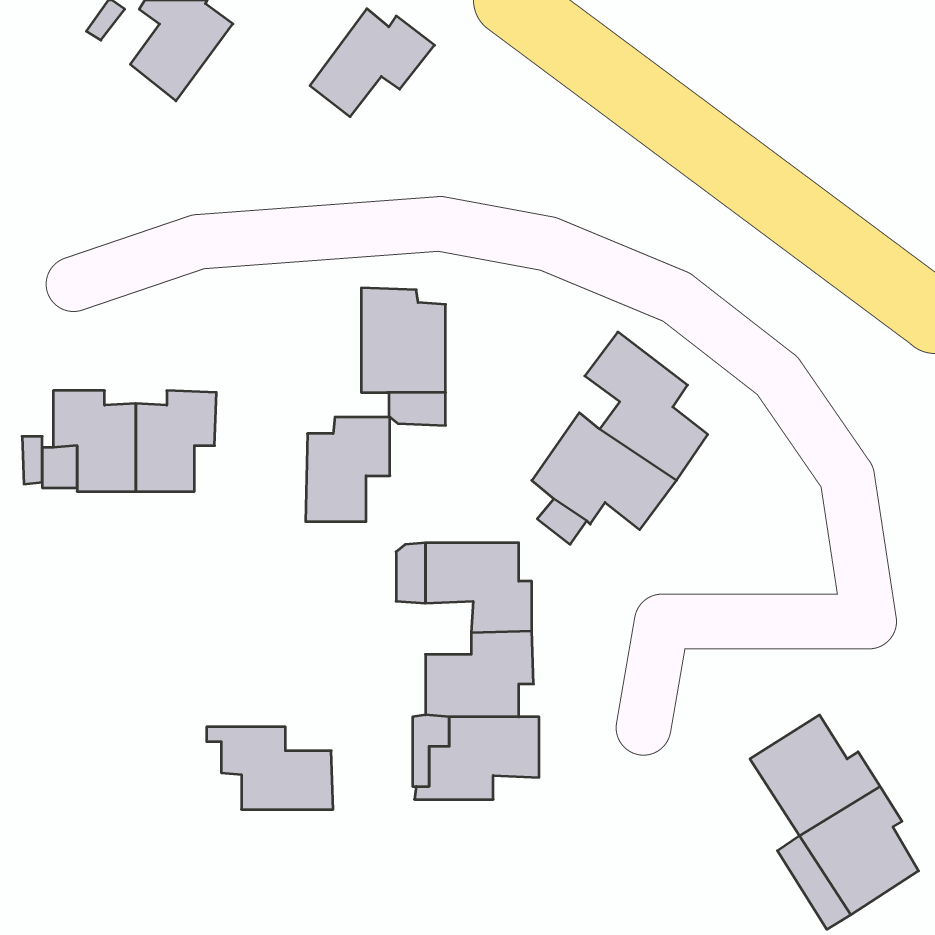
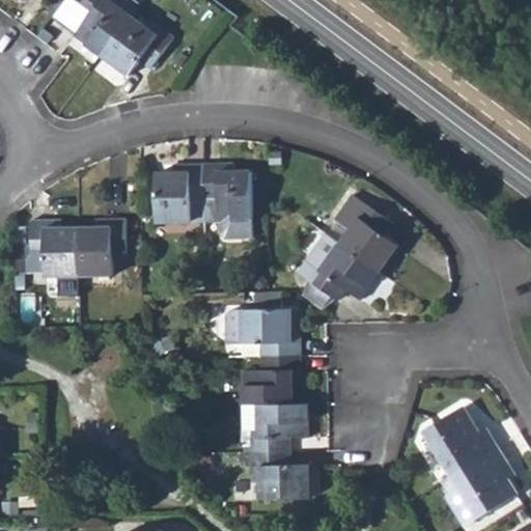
building: [310,9,435,117] -> [100,15,170,76]
building: [306,417,390,522] -> [157,164,204,223]
building: [207,727,333,809] -> [234,453,306,500]

